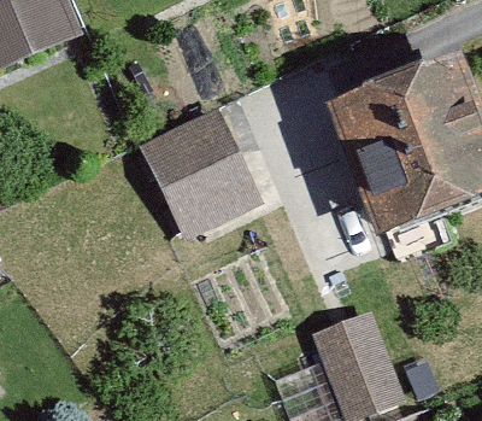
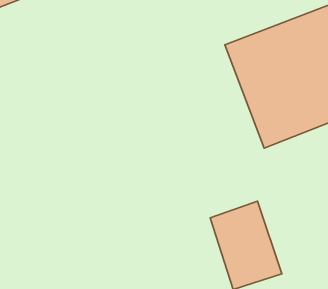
building: [141,104,266,240] -> none

